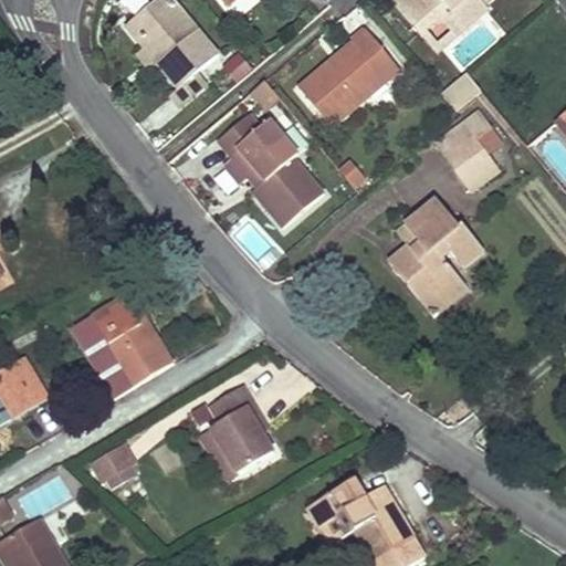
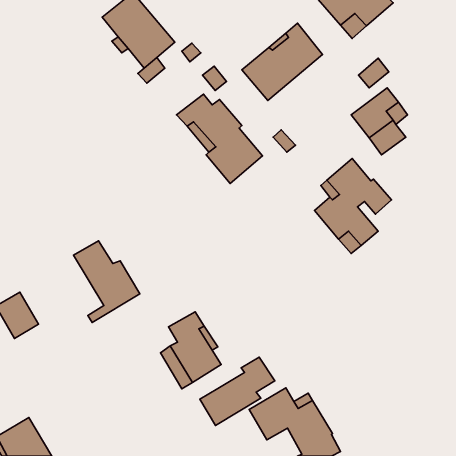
building: [71,315,128,389] -> none
building: none -> [200,357,275,426]
building: [91,444,134,485] -> none

